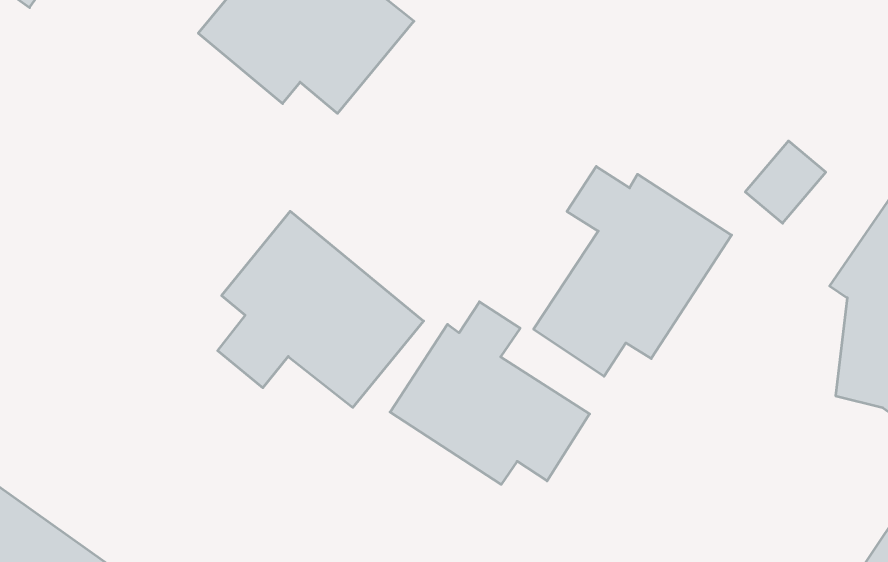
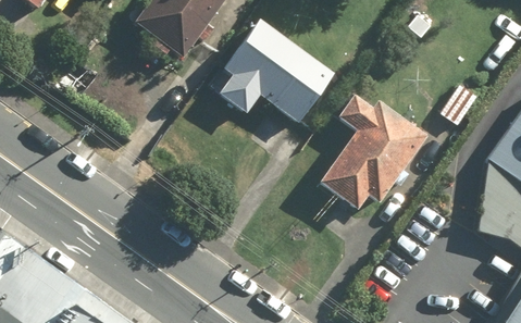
building: [218,211,424,407] -> [221,17,335,126]
building: [390,302,590,484] -> none

